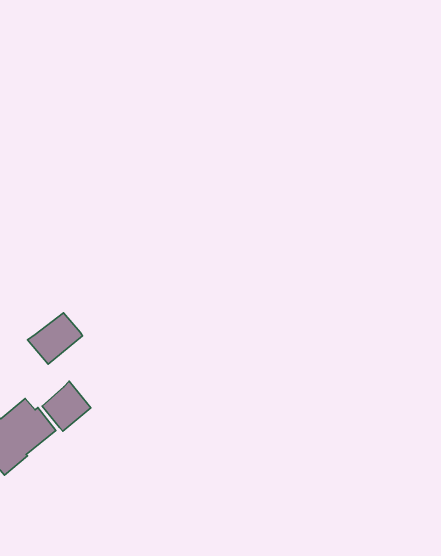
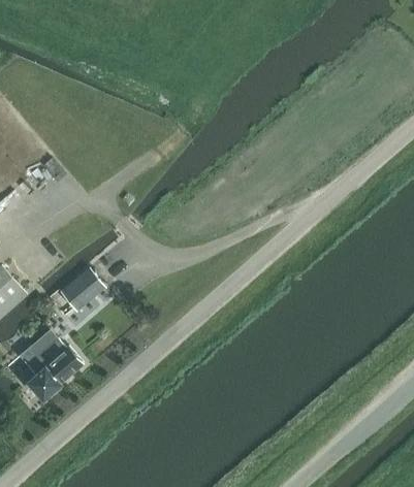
building: [42,381,91,431] -> none

